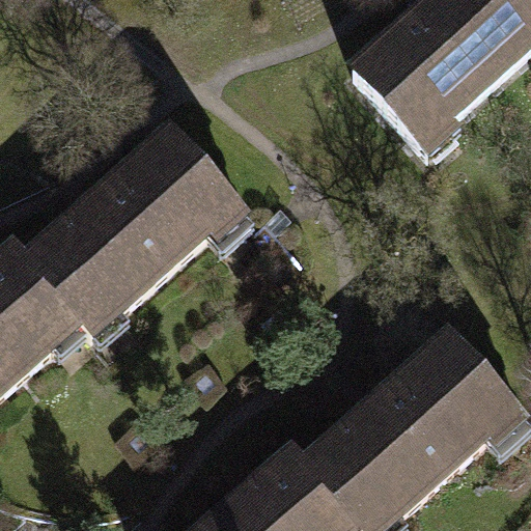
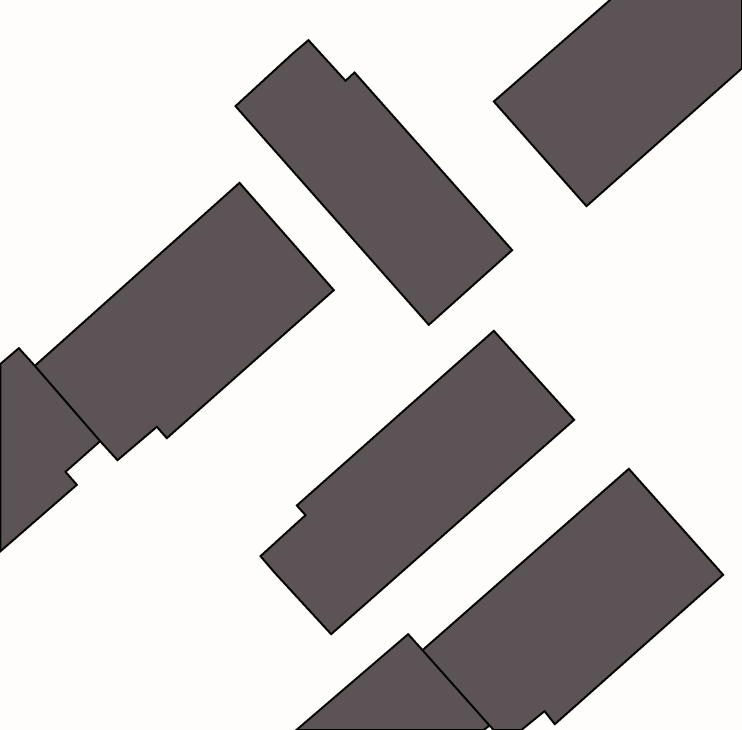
building: none -> [235,40,512,325]
building: none -> [261,331,574,634]

